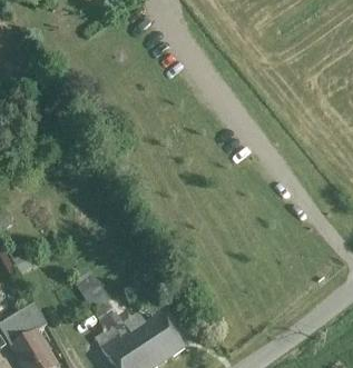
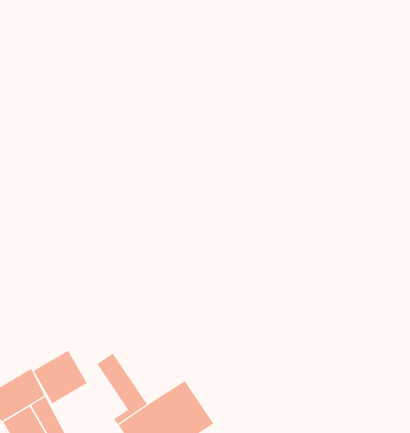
building: none -> [33,350,88,404]

